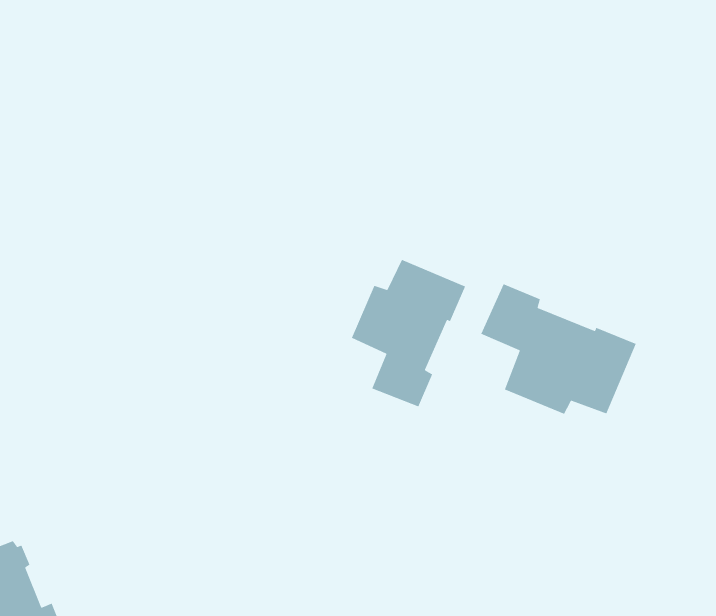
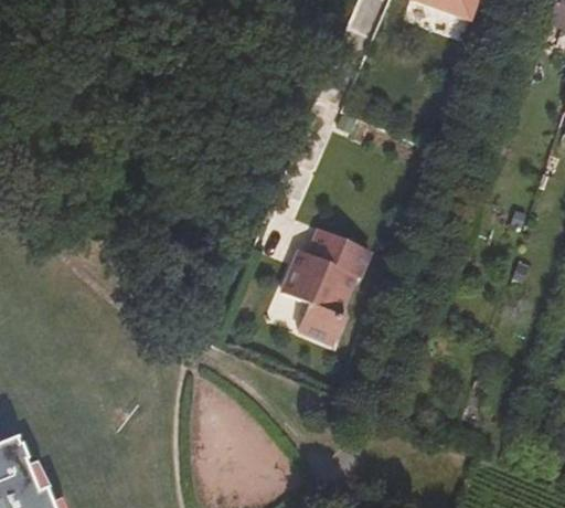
building: [480,283,637,415] -> none

